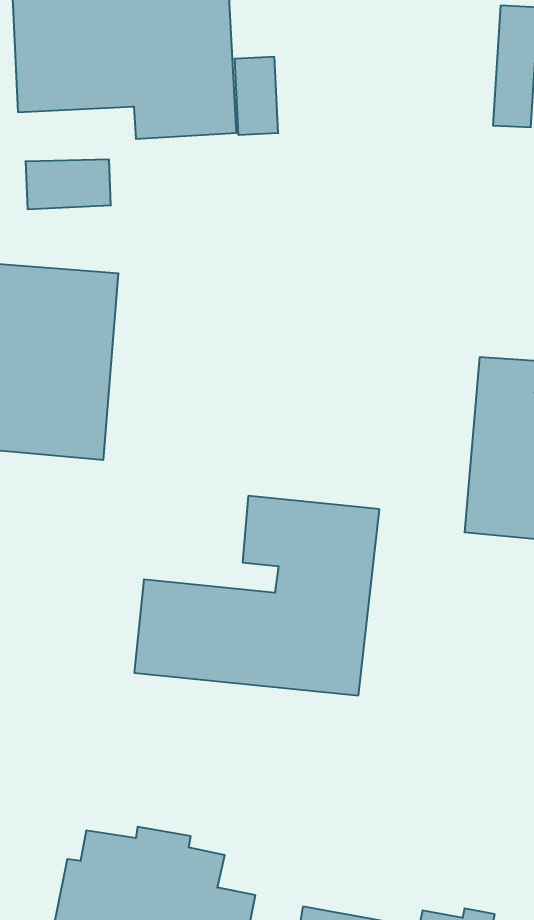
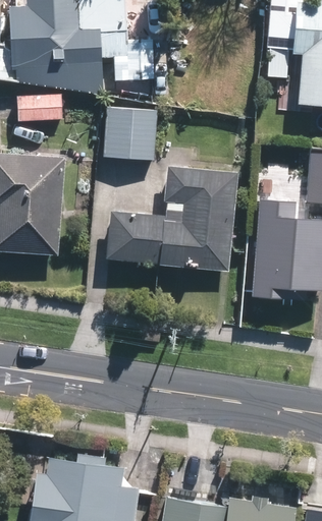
building: none -> [104,110,156,161]
building: [134,496,379,695] -> [106,166,237,273]

